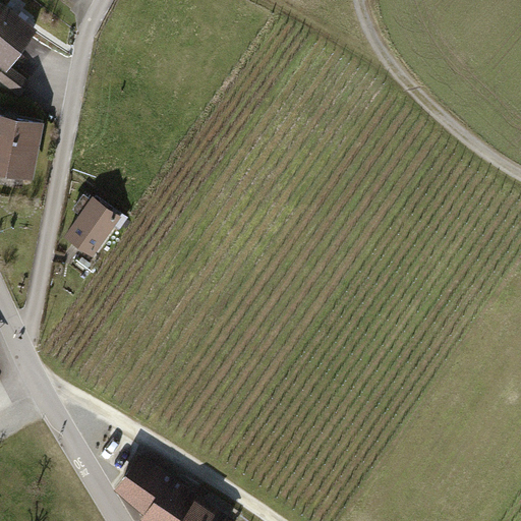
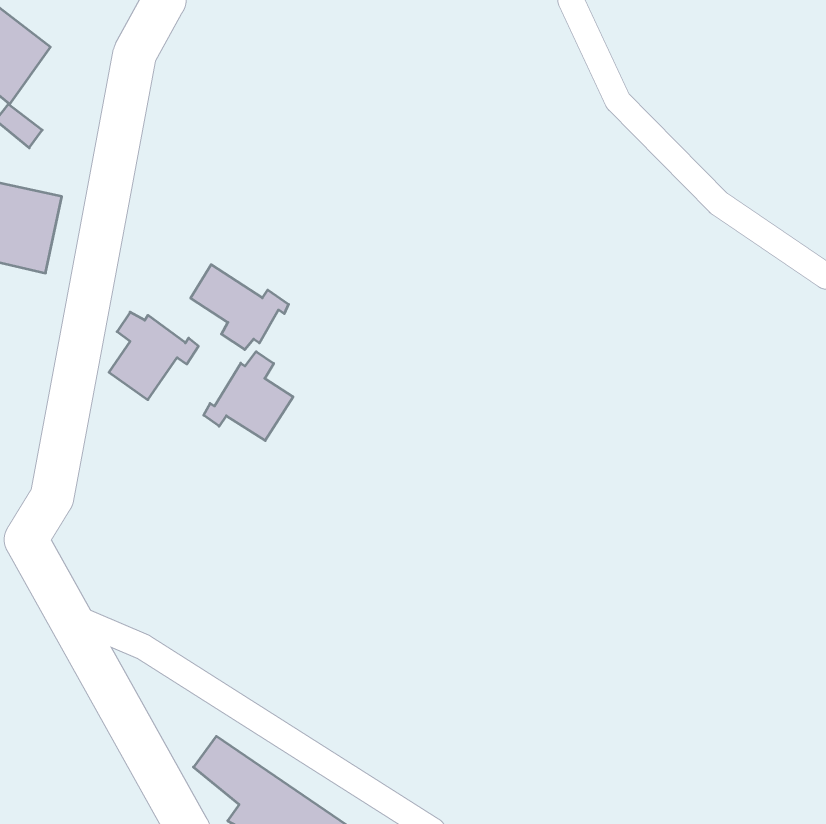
building: none -> [191,265,289,350]
building: none -> [204,352,293,441]

